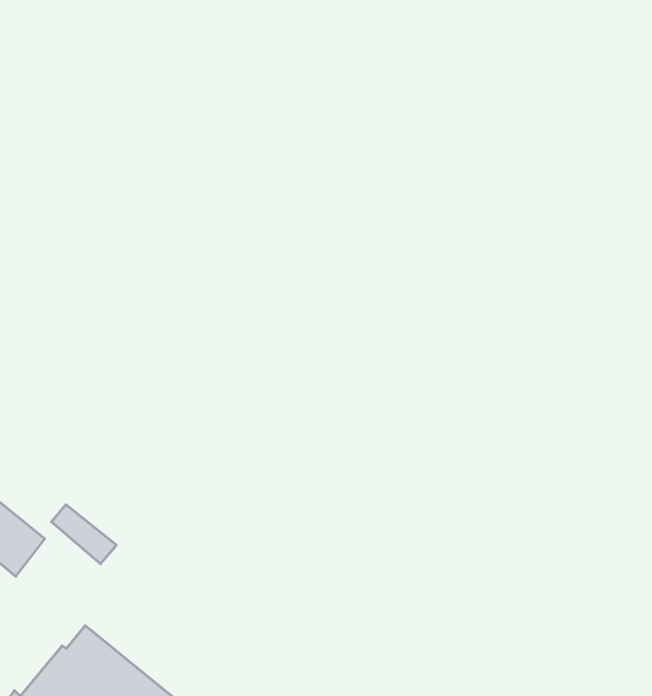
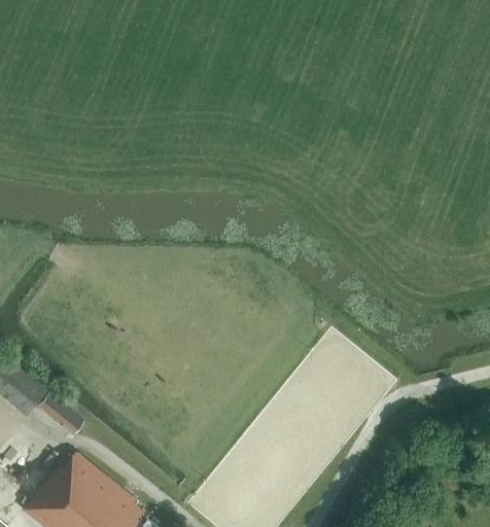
building: [51,505,116,564] -> [38,395,84,437]

